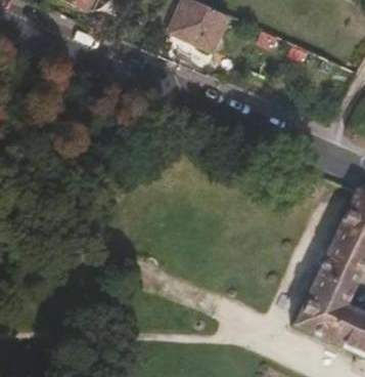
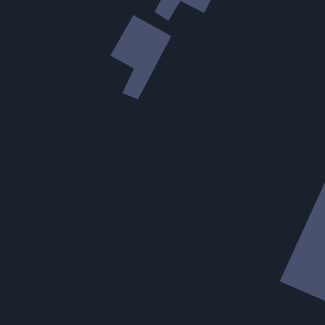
building: none -> [110,14,172,100]

